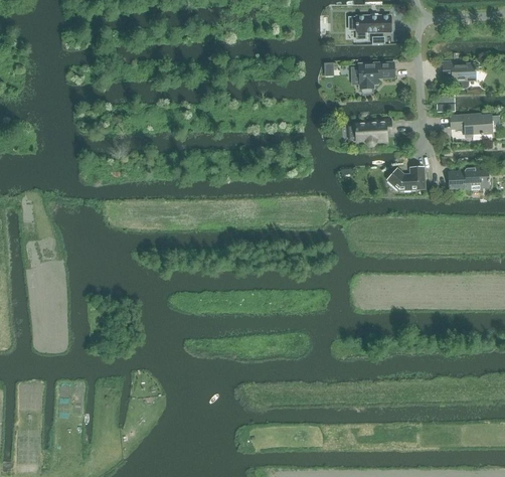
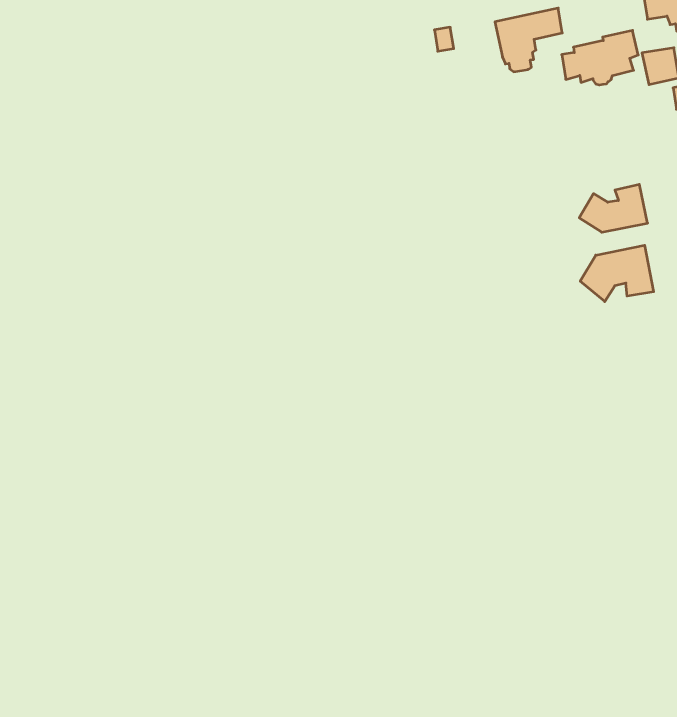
building: [348,118,390,145] -> [562,30,638,85]
building: none -> [580,245,654,302]

